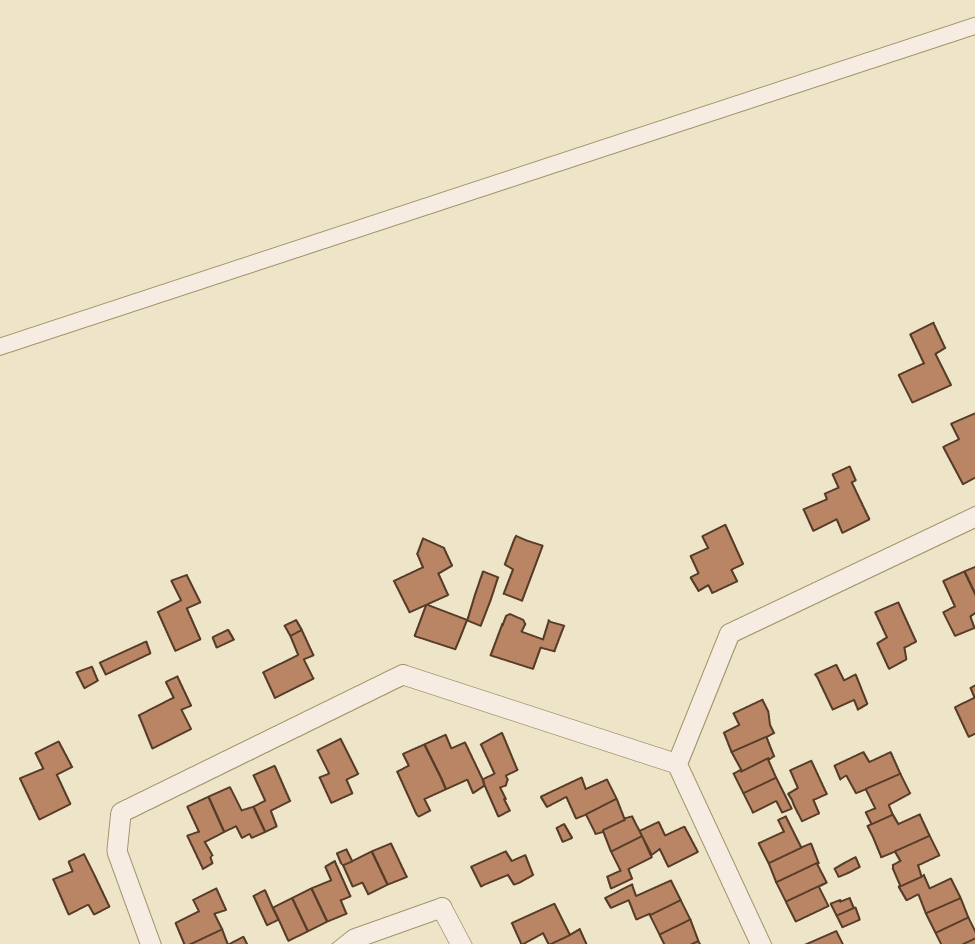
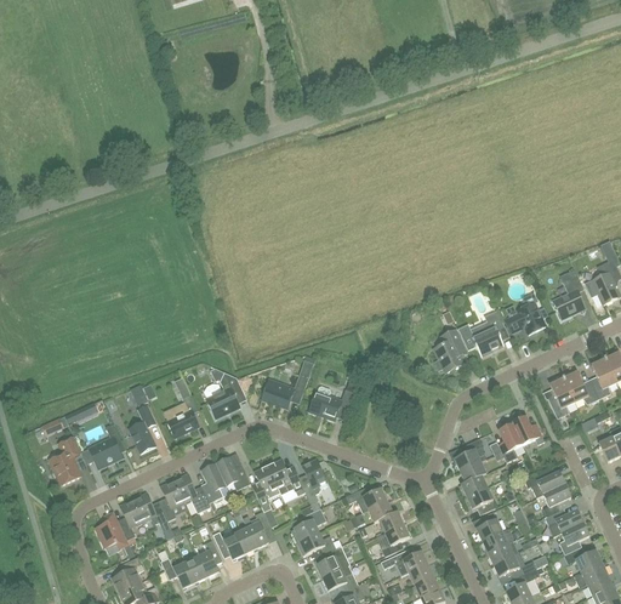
building: [899,323,951,402] -> [552,268,585,318]
building: none -> [457,309,507,355]
building: [504,536,542,601] -> none
building: [394,538,452,612] -> [205,371,241,417]
building: [158,575,200,651] -> [129,405,155,452]
building: none -> [563,371,598,404]
building: none -> [215,456,250,489]
building: [20,742,72,819] -> [49,435,81,484]
building: none -> [173,473,210,512]
building: [788,761,827,821] -> [497,423,522,461]
building: none -> [291,507,326,542]
building: none -> [241,509,270,548]
building: [639,822,698,867] -> none
building: [53,854,109,914] -> [93,511,129,548]
building: none -> [315,546,348,577]

